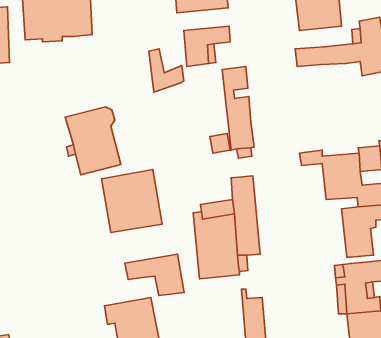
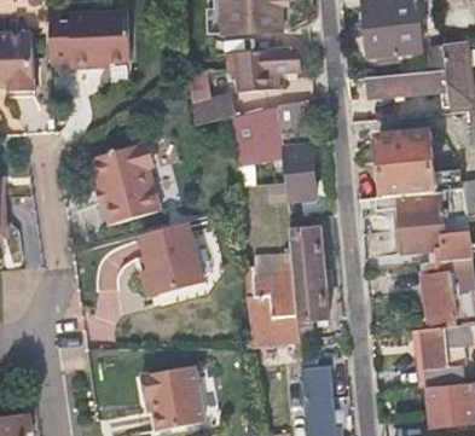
building: none -> [231,101,283,170]
building: none -> [375,133,434,198]
building: [125,254,184,295] -> none

